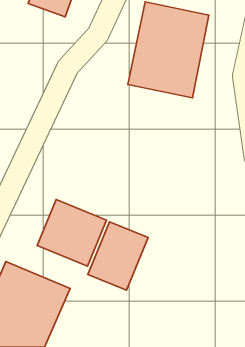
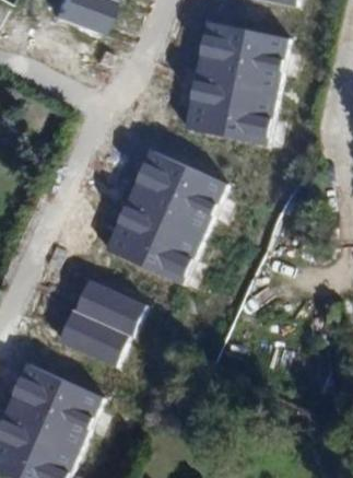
building: none -> [101,148,230,287]
building: [88,222,148,290] -> none

